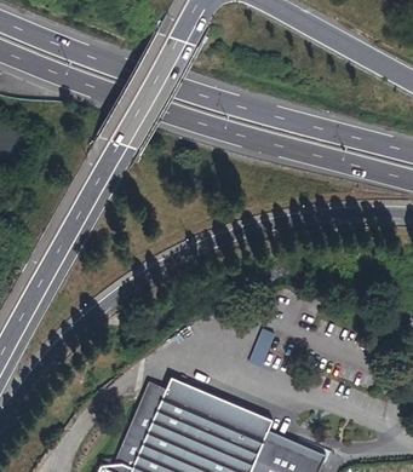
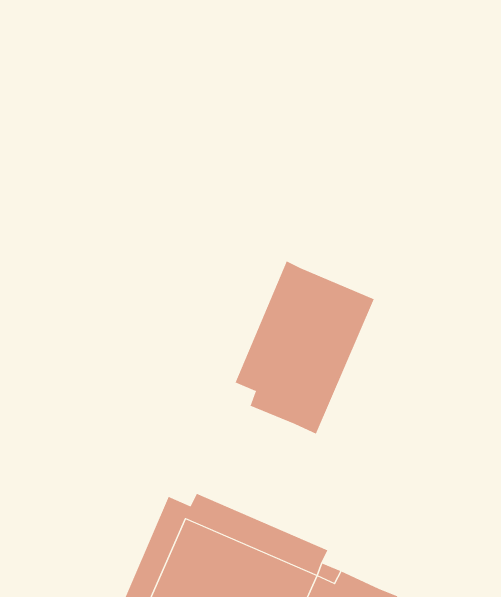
building: none -> [235,261,375,435]

